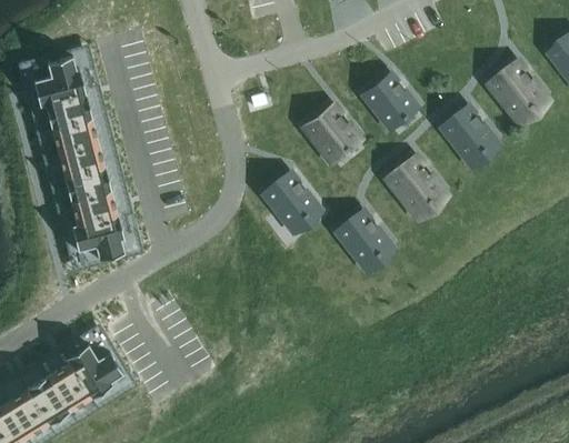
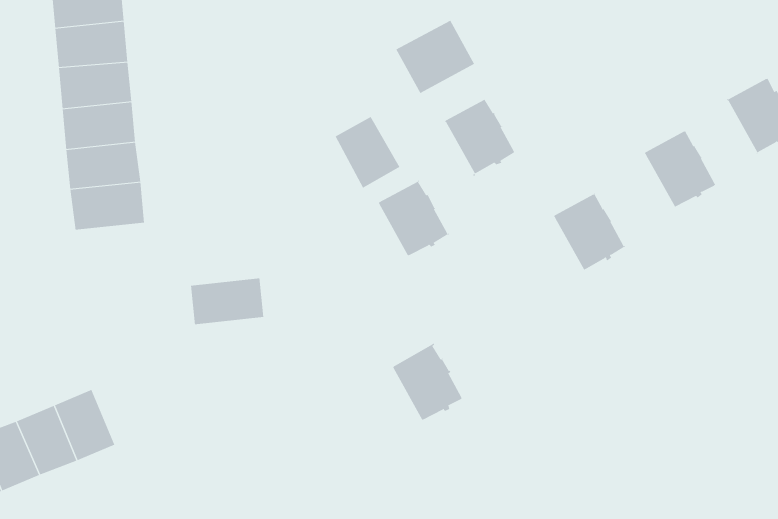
building: none -> [395,20,475,94]
building: [363,75,415,128] -> none
building: none -> [335,116,400,188]
building: [343,207,395,260] -> [391,343,464,422]
building: [73,225,126,263] -> [190,278,264,325]

